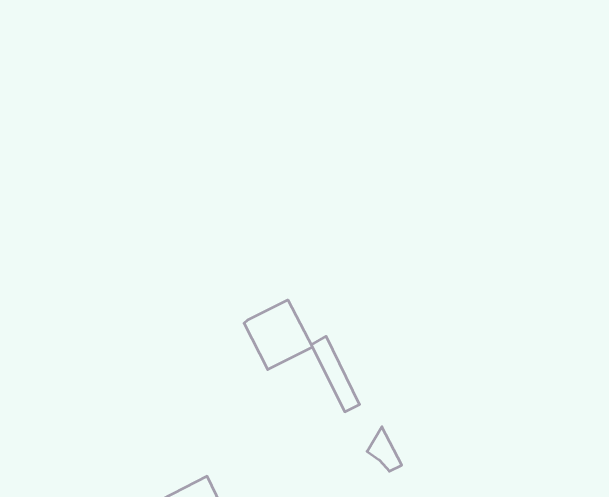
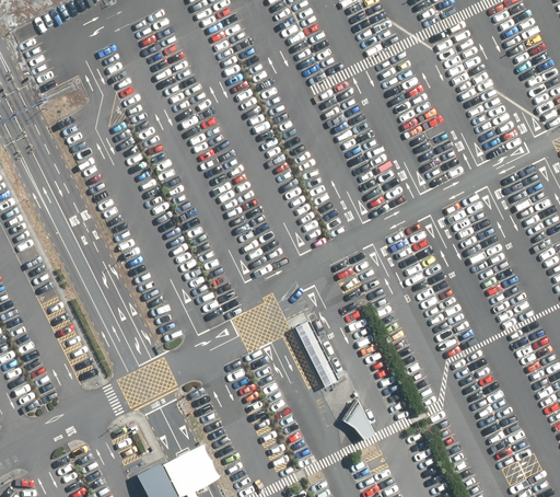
building: [244,300,312,370] -> none

